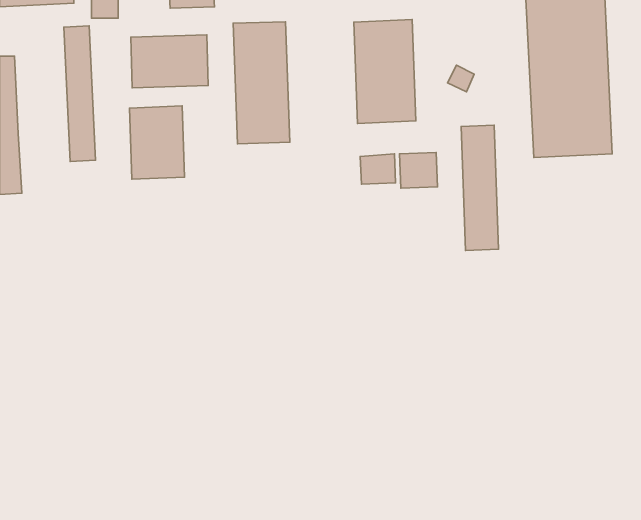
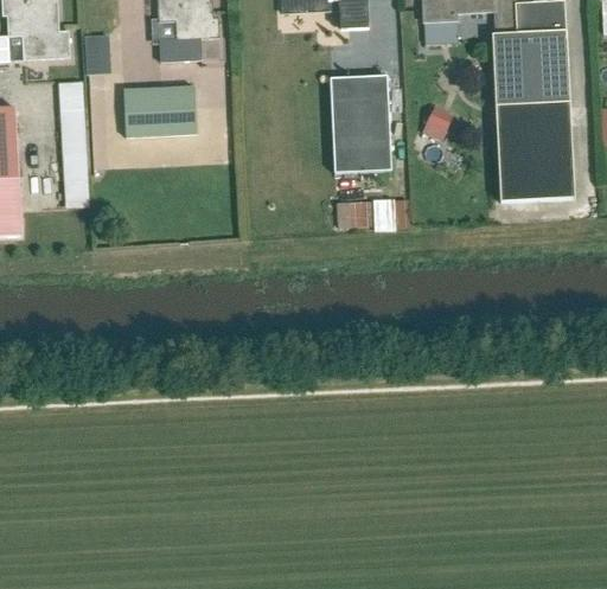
building: [233,22,290,144] -> none
building: [130,106,185,179] -> none
building: [461,125,498,250] -> none

